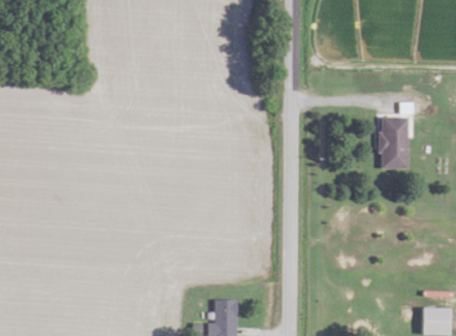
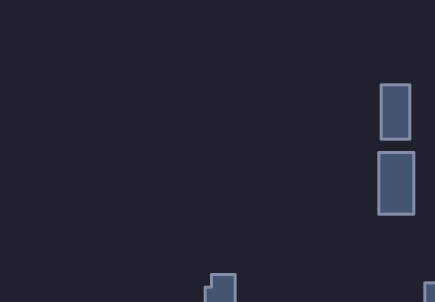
building: none -> [379,153,414,214]

